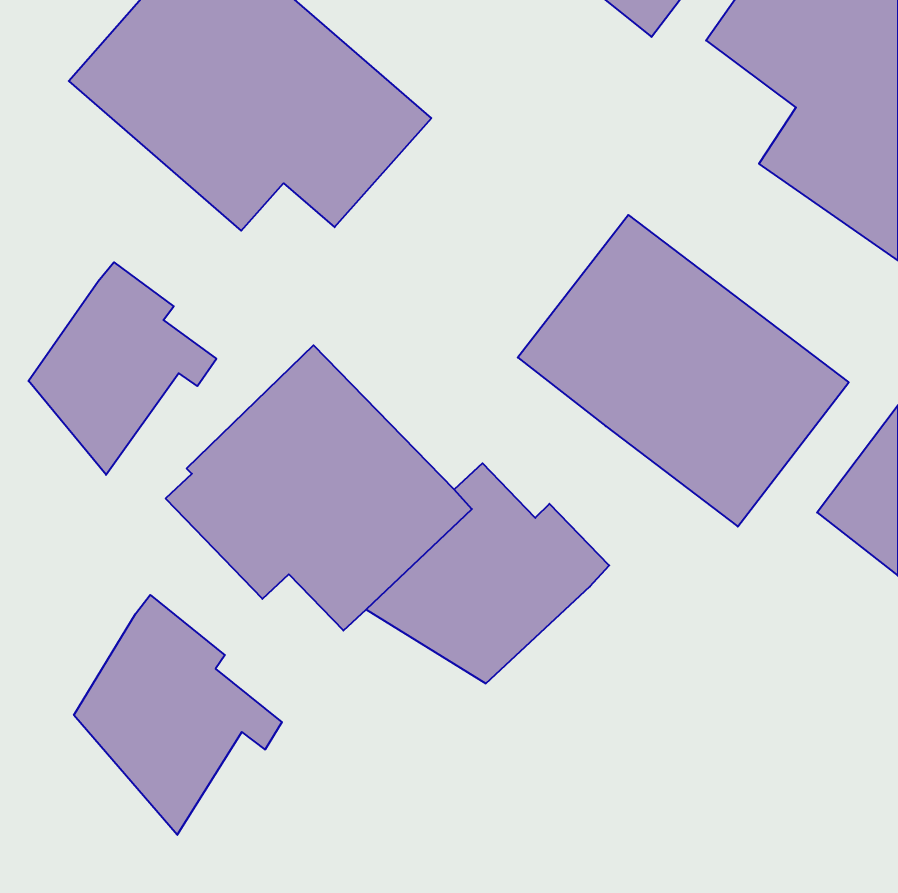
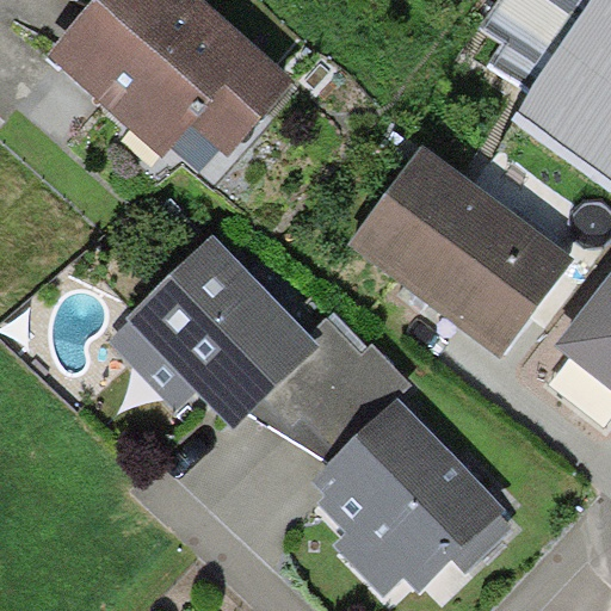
building: [28,262,216,475] -> none
building: none -> [311,397,513,597]
building: [74,595,282,835] -> none

